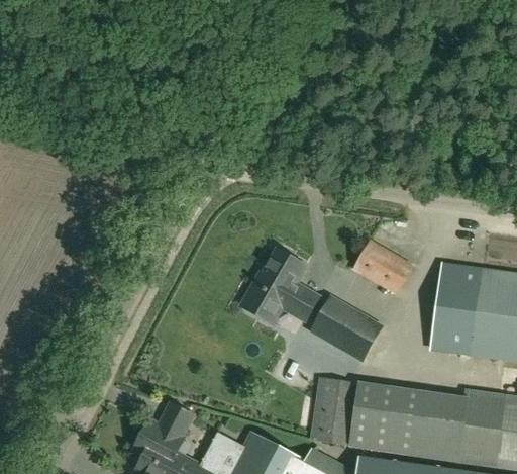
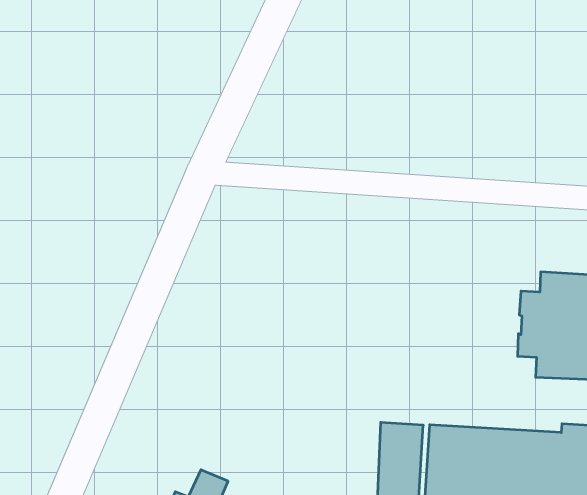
building: [354,240,412,292] -> none
building: [242,250,318,322] -> none
building: [313,298,381,359] -> none

